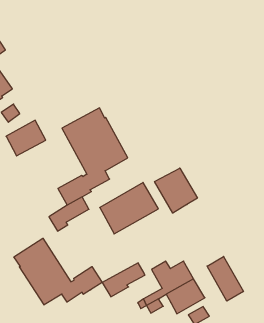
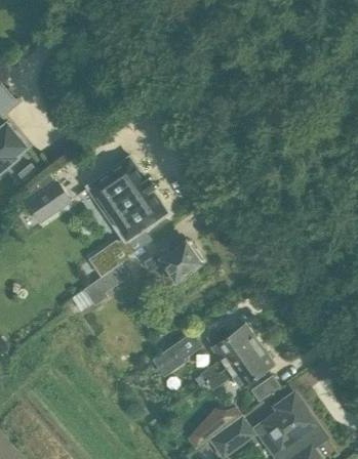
building: [155,168,197,213] -> none
building: [14,238,102,305] -> none
building: [207,256,243,301] -> none

